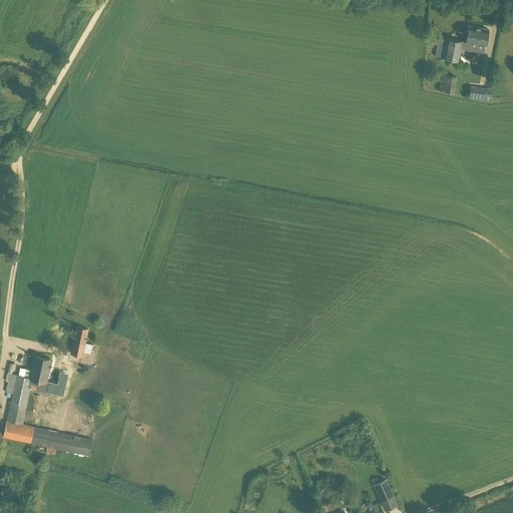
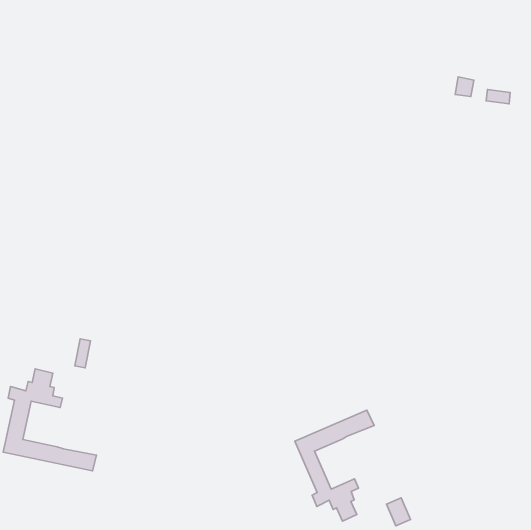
building: [436,27,488,61] -> none
building: none -> [295,410,374,521]

